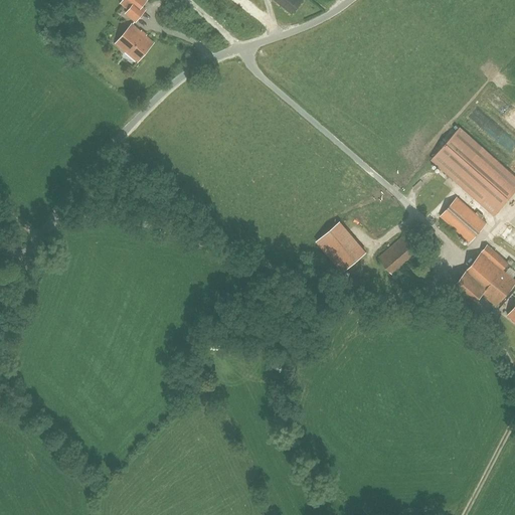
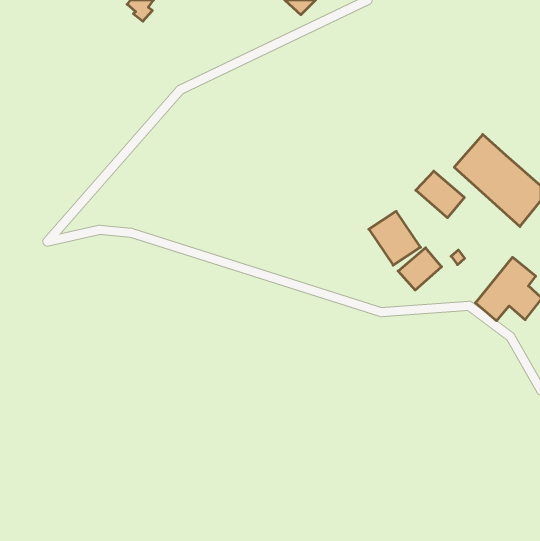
building: [118,25,154,60] -> none
building: [441,198,487,242] -> [416,171,464,218]
building: [312,219,361,271] -> [369,211,421,265]

